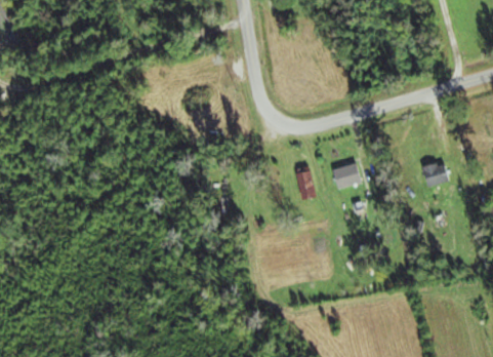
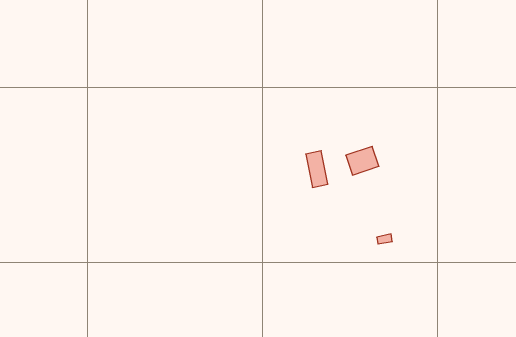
building: [420,161,449,188] -> none

